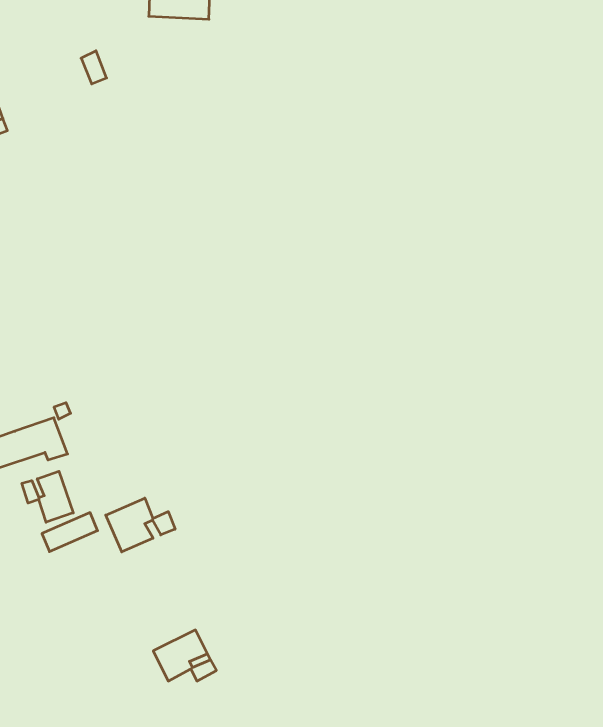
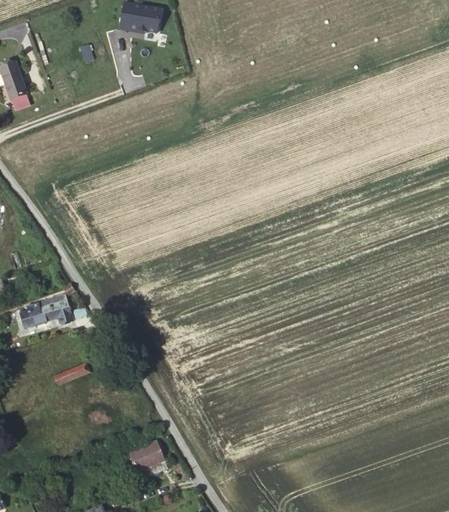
building: [22,471,73,522] -> none
building: [106,498,175,552] -> none

